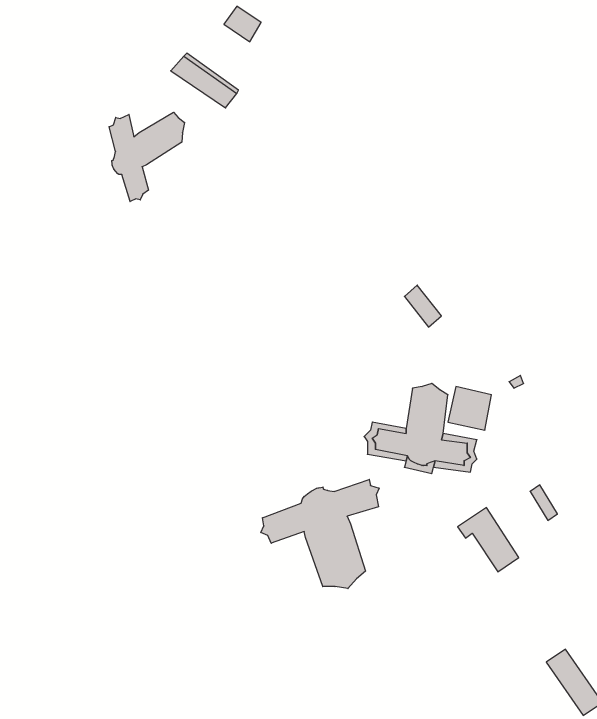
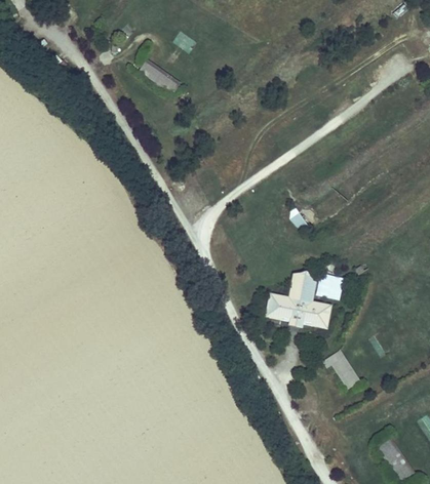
building: [109,112,185,202] -> none
building: [261,479,379,589] -> none

